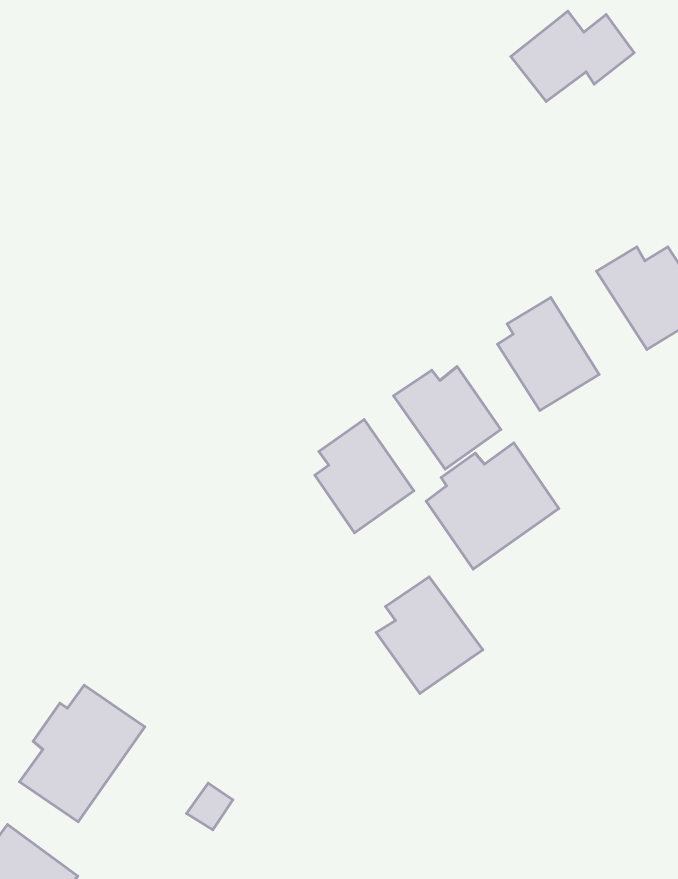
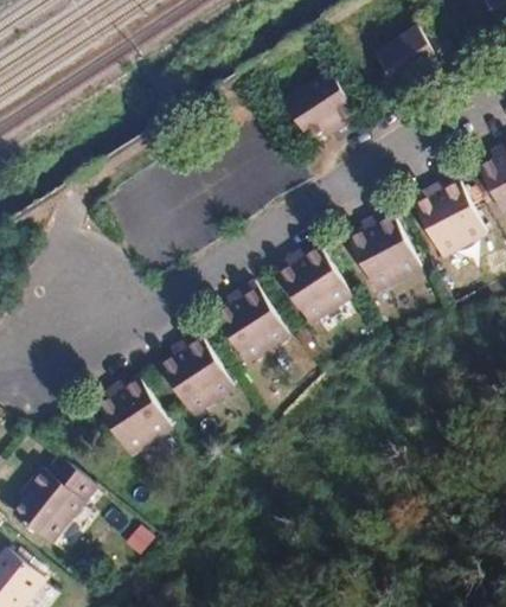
building: none -> [287,81,356,145]
building: [426,443,559,569] -> none
building: none -> [105,385,172,449]
building: [376,577,483,693] -> [165,338,233,414]

